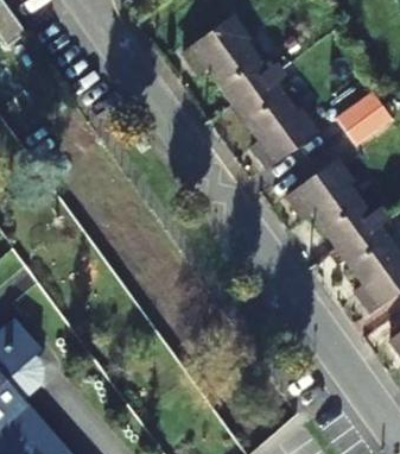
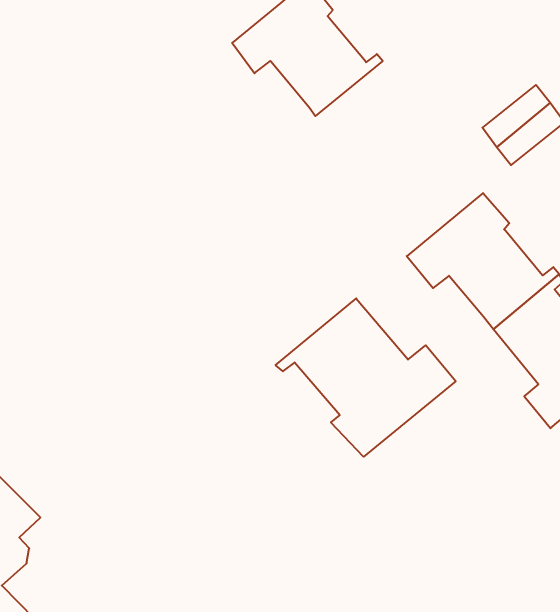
building: [233,74,316,170] -> none
building: none -> [276,298,456,457]

